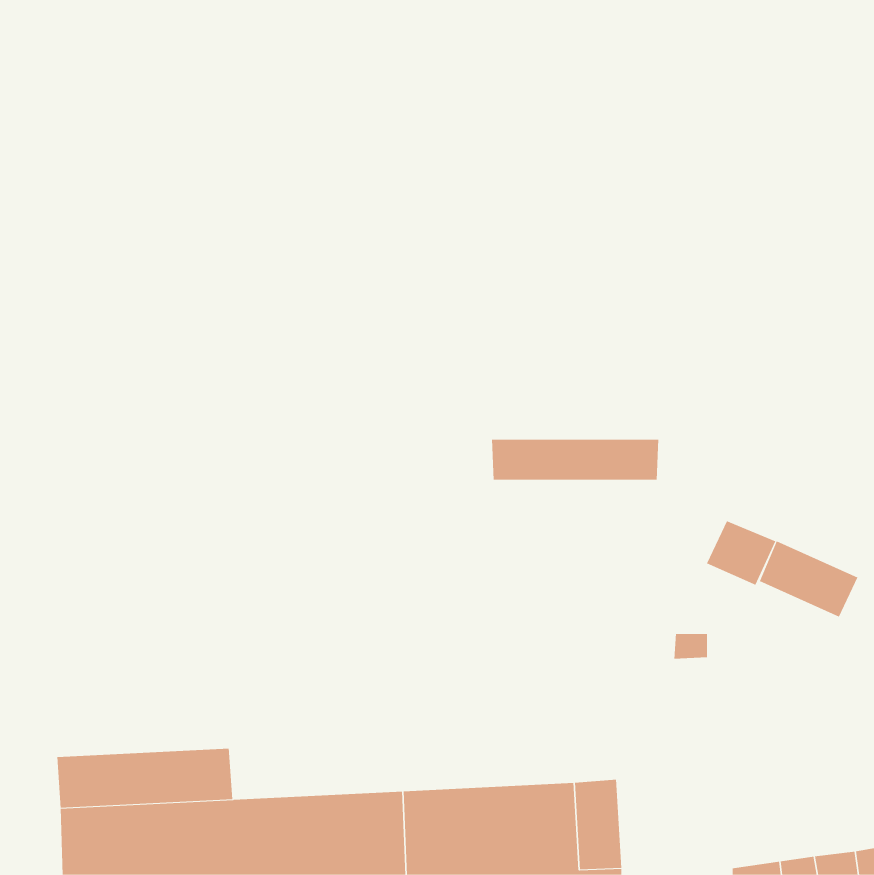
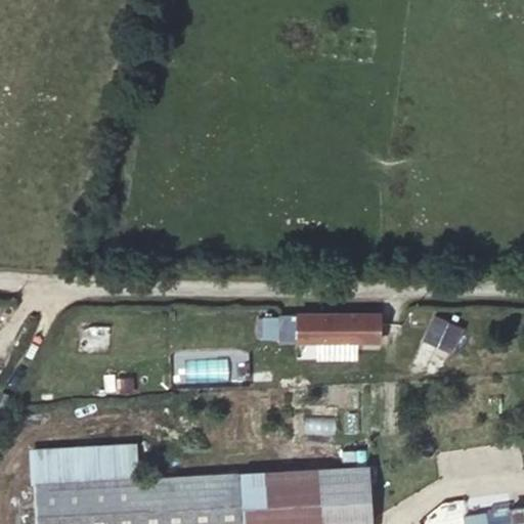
building: [491,439,659,480] -> [273,322,374,347]
building: [759,541,858,618] -> none

